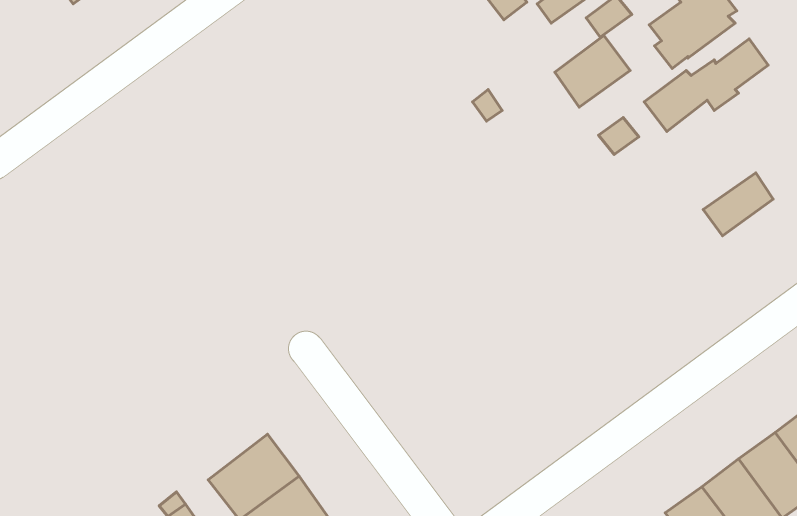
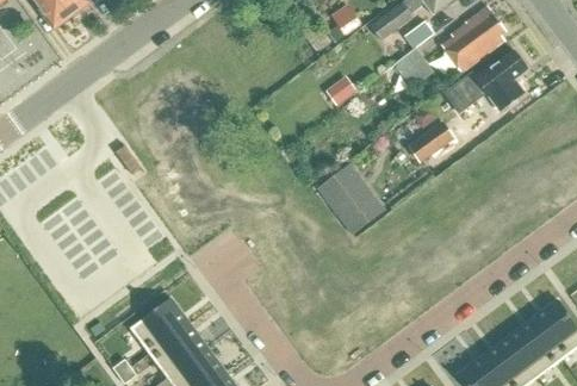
building: [703,173,773,236] -> [407,120,454,163]
building: none -> [317,164,371,234]
building: none -> [130,298,186,350]

